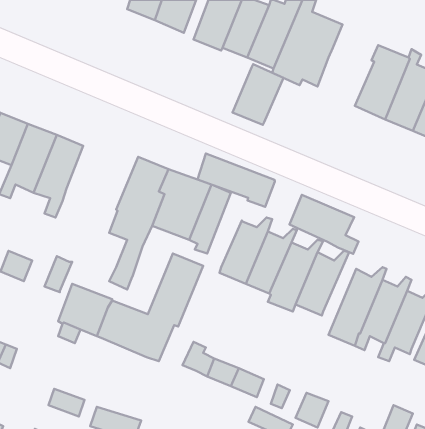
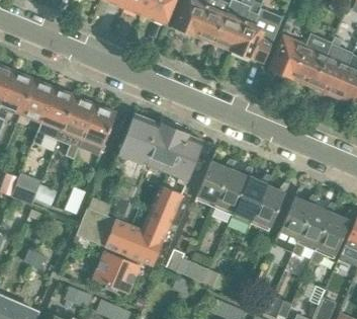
building: [232,64,283,125] -> [269,35,306,80]
building: none -> [78,107,114,156]
building: [197,153,275,207] -> none
building: [289,195,359,254] -> none
building: none -> [93,248,140,293]

